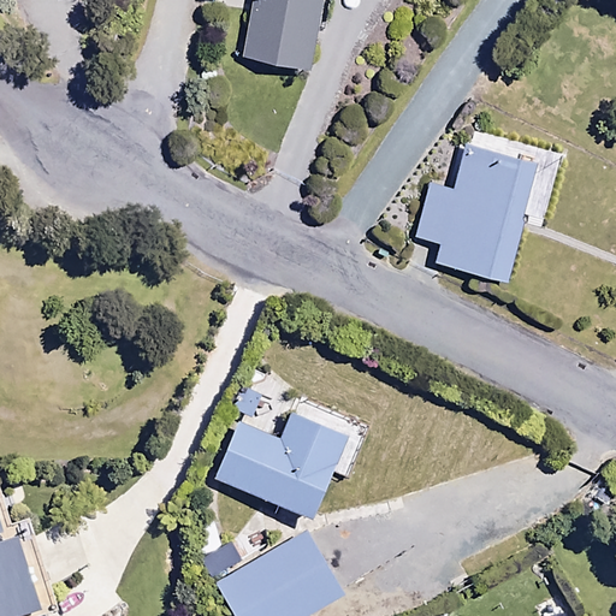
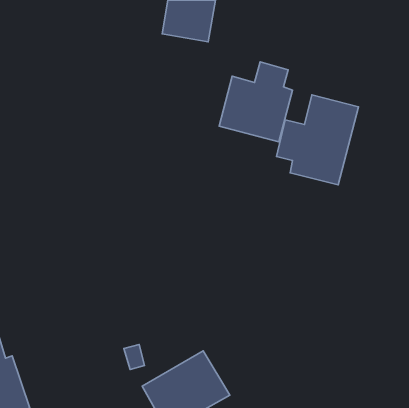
building: none -> [219,62,292,142]
building: [215,416,344,519] -> none

